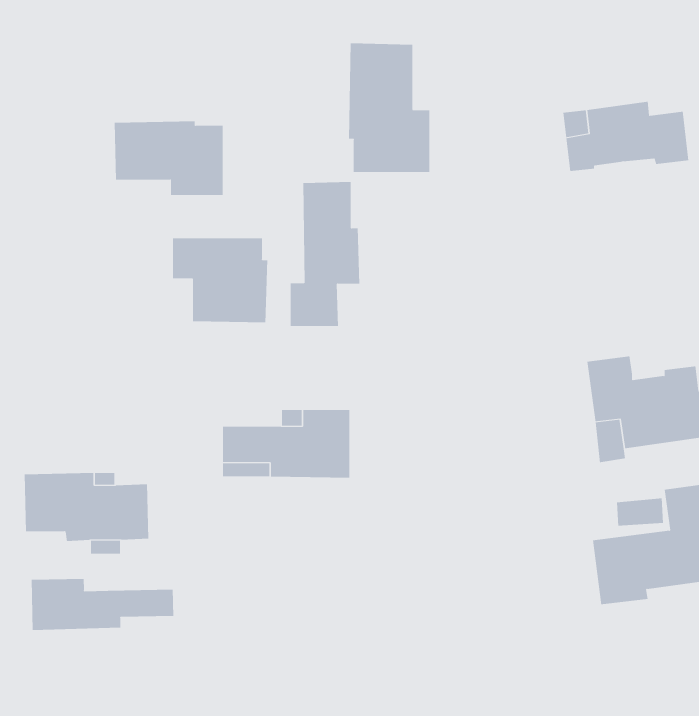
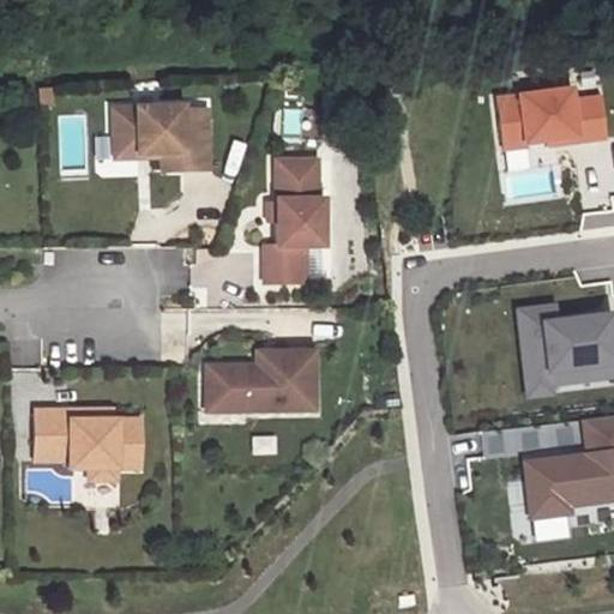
building: [349,43,430,173] -> none
building: [173,238,268,323] -> none
building: [31,578,174,631] -> none

